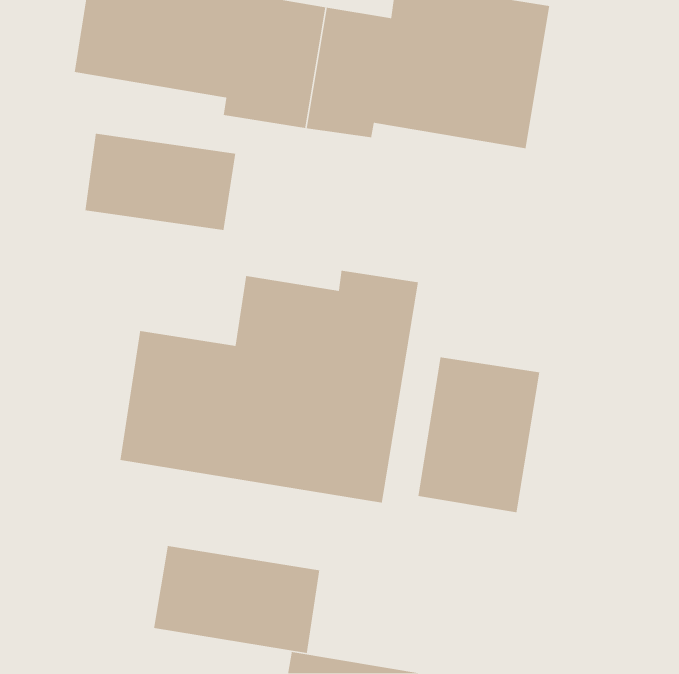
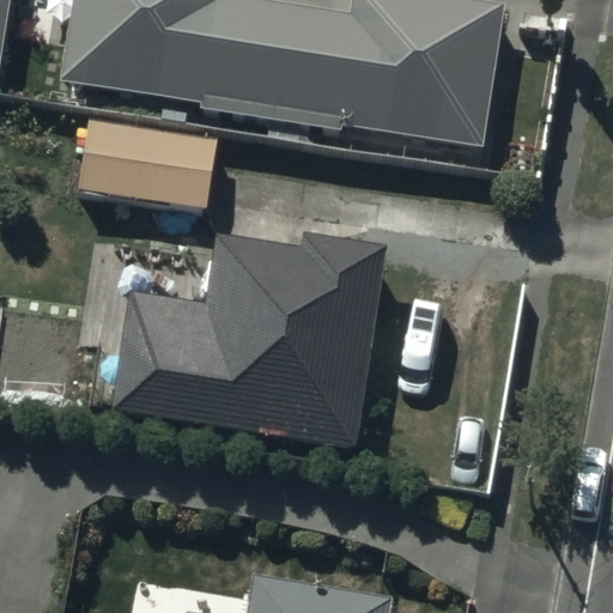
building: [417,357,540,513] -> none
building: [153,545,320,654] -> none

